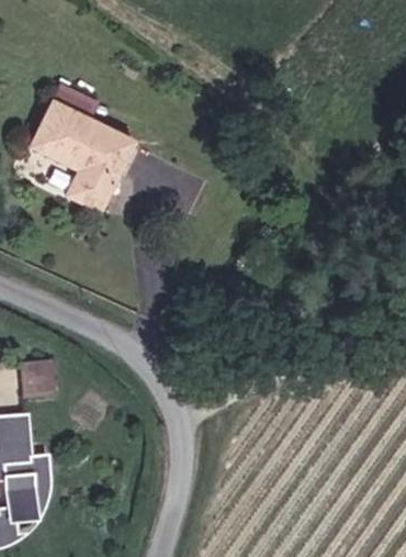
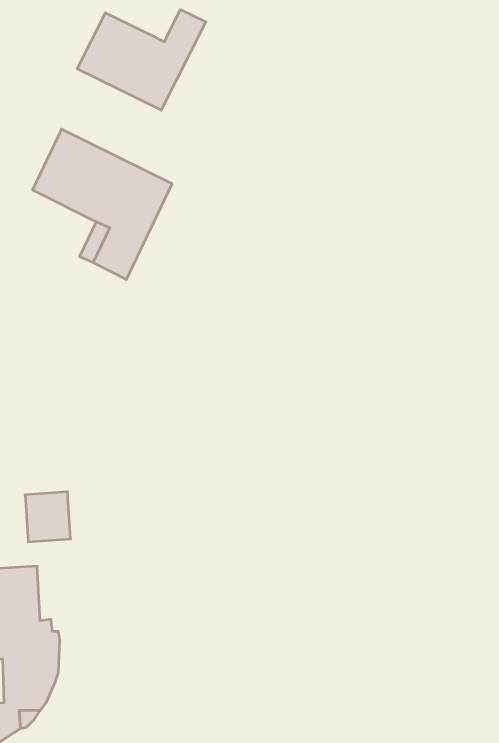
building: none -> [77,10,206,110]

